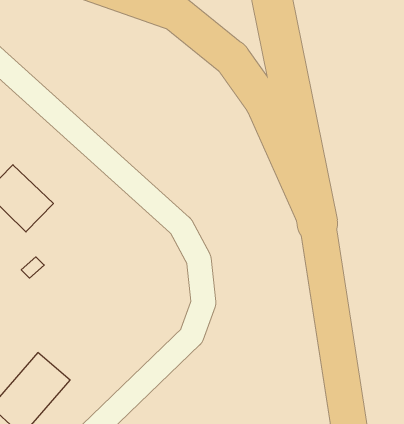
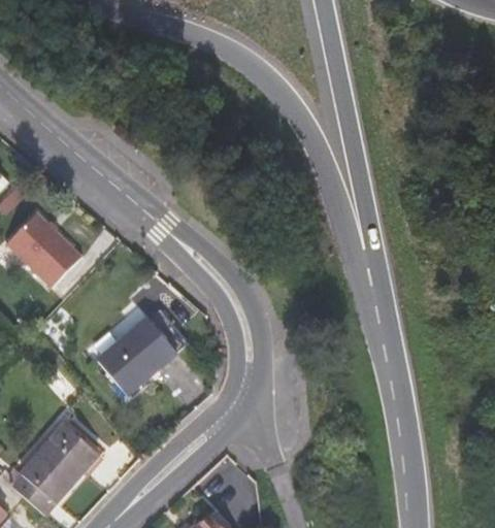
building: none -> [97,317,177,395]

